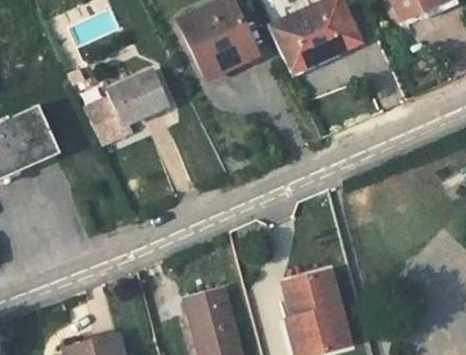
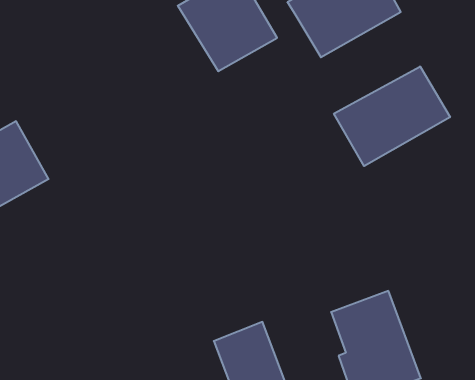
building: [84,69,168,141] -> none
building: none -> [334,66,450,166]

